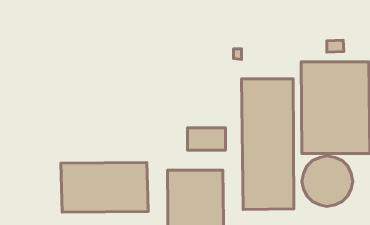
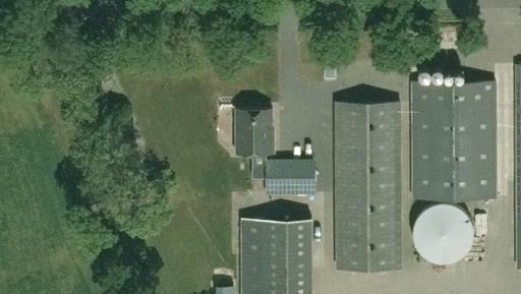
building: none -> [235,110,275,155]
building: [61,162,148,212] -> none

